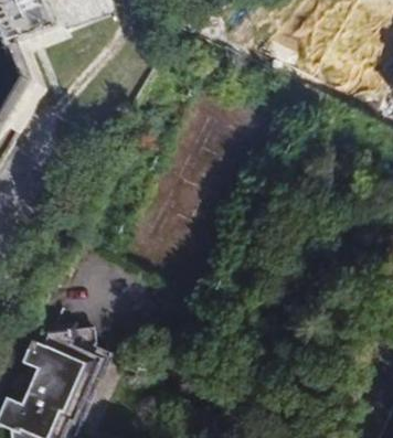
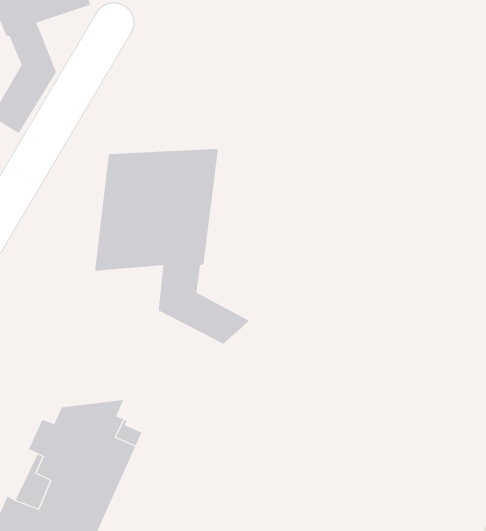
building: none -> [94,148,250,345]

